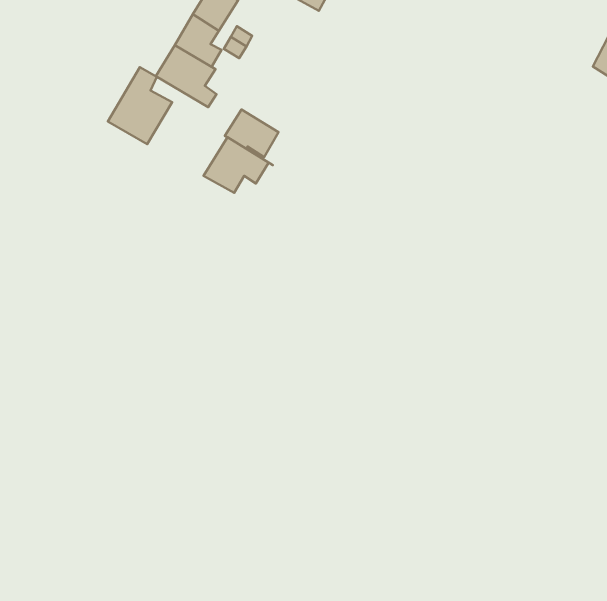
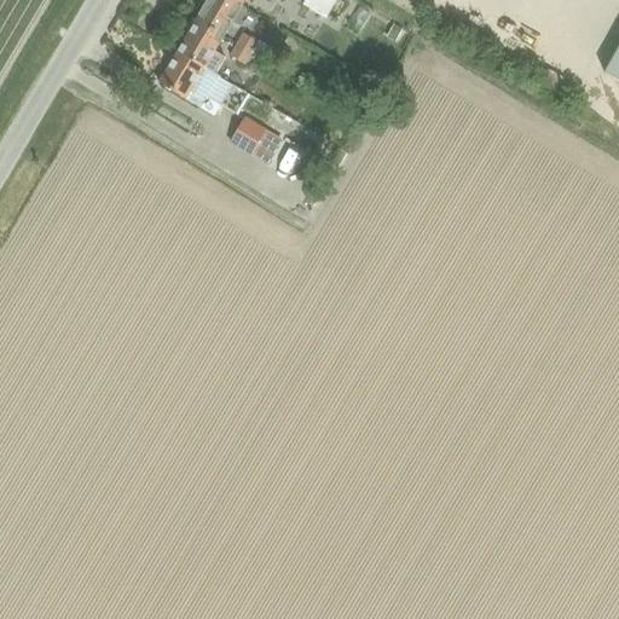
building: [108,67,172,144] -> none
building: [204,137,273,193] -> none

